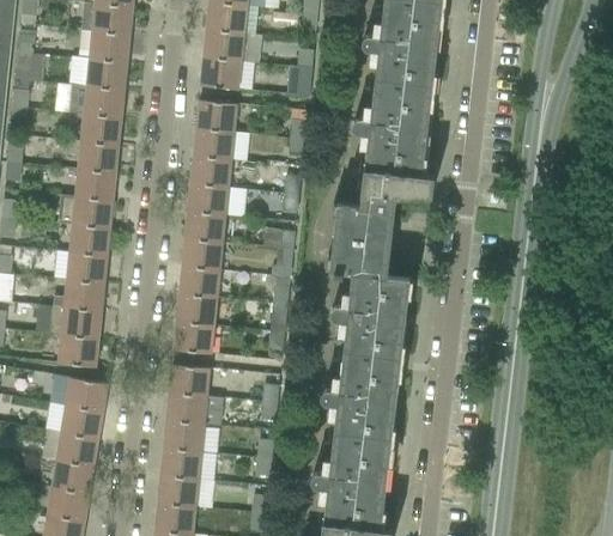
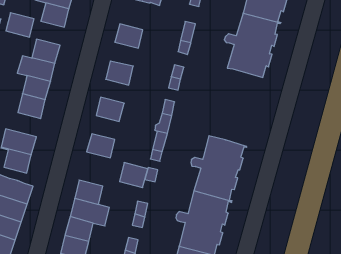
building: [198,100,236,132] -> none
building: [79,141,117,172] -> [6,13,34,37]
building: [192,156,230,187] -> none
building: [330,169,433,275] -> none
building: [186,212,224,243] -> none
building: [181,267,218,298] -> none
building: [54,280,103,311] -> none
building: [175,322,213,354] -> [120,163,148,188]

